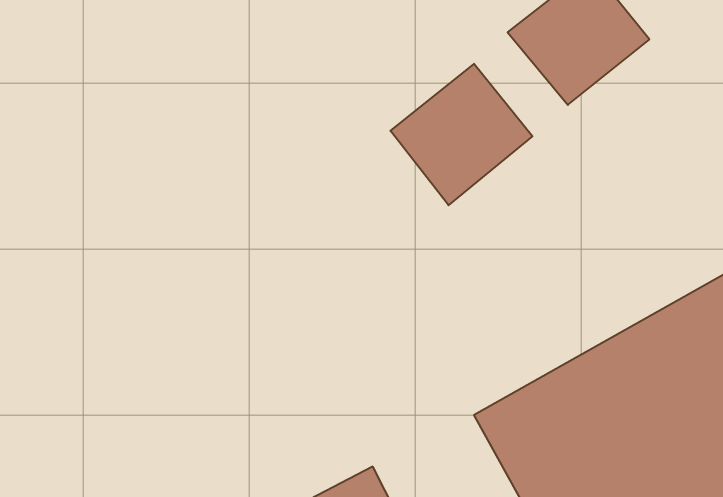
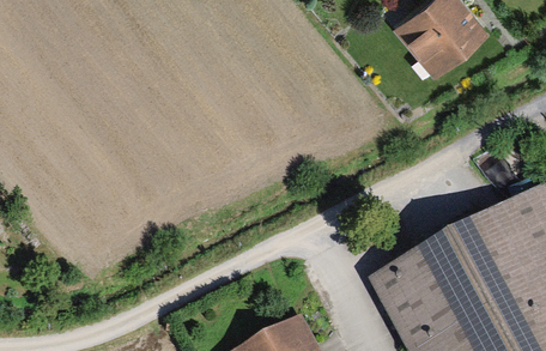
building: [390,64,532,205] -> none

